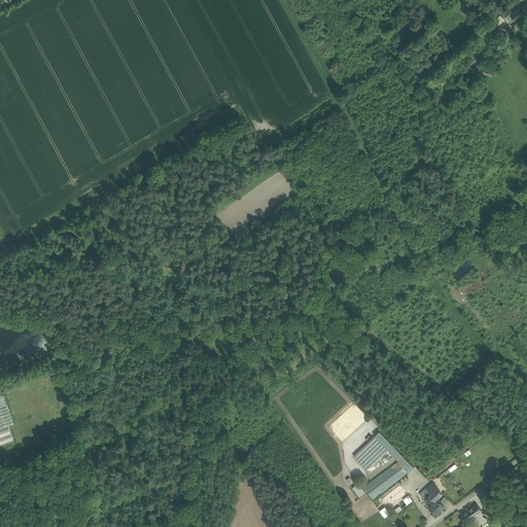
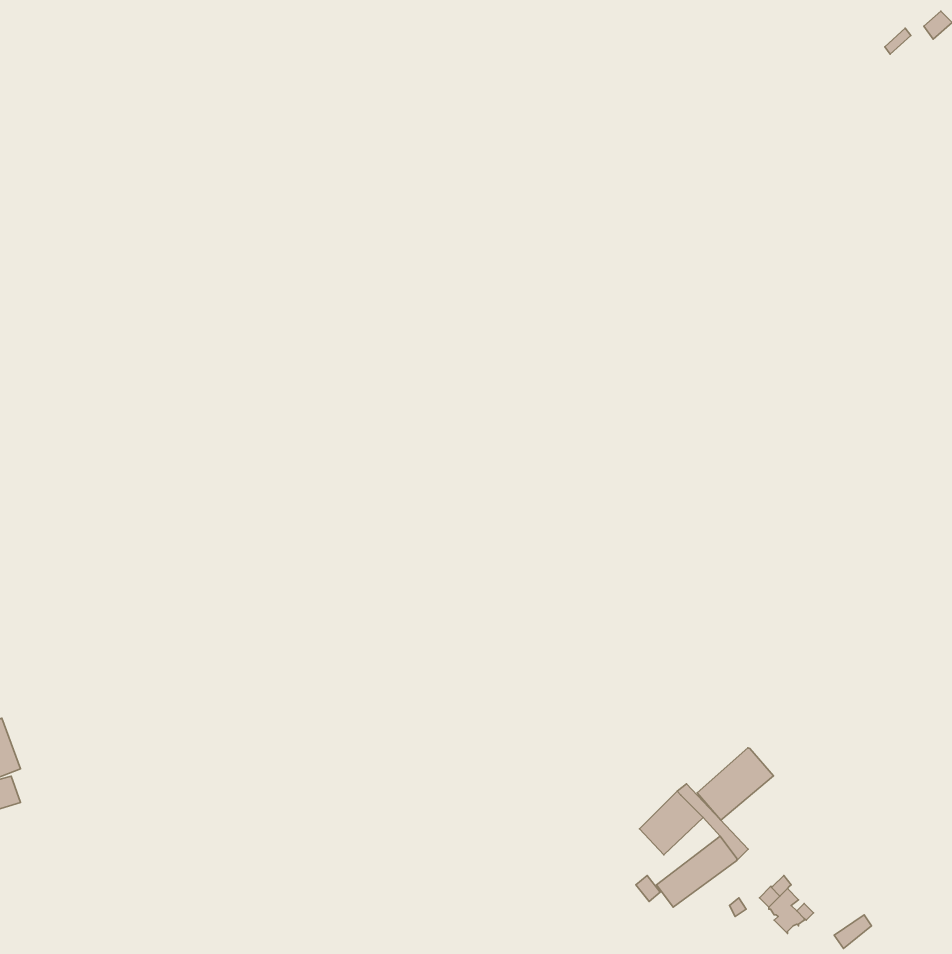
building: none -> [697,748,773,820]

